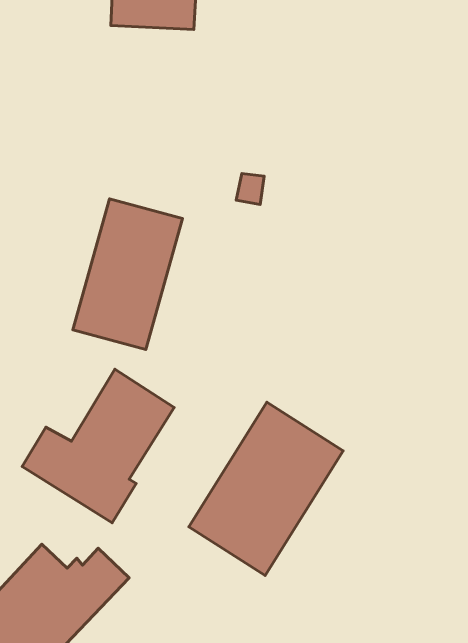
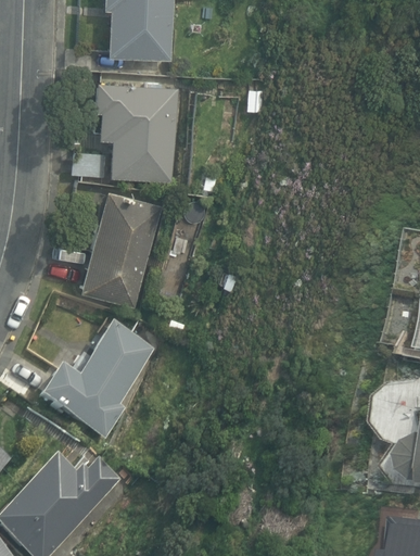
building: none -> [73,81,179,181]
building: [189,402,343,576] -> none

